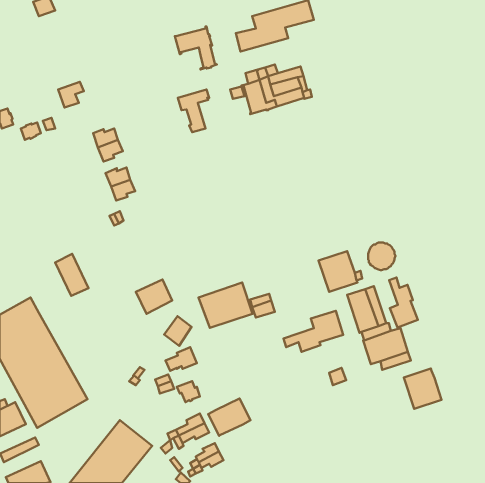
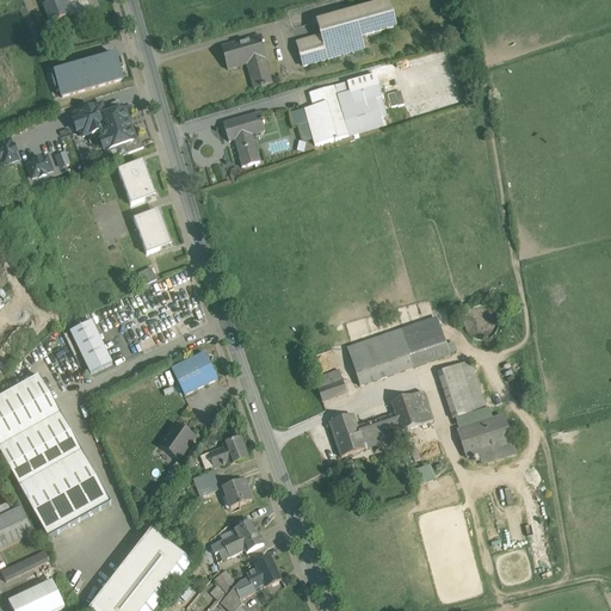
building: none -> [54,53,122,95]
building: none -> [94,109,132,148]
building: [389,278,418,327] -> none
building: [198,282,253,328] -> [345,327,413,384]
building: [164,316,192,346] -> [159,421,193,458]
building: none -> [328,413,378,455]
building: [404,369,441,409] -> none
building: [208,399,251,436] -> none

